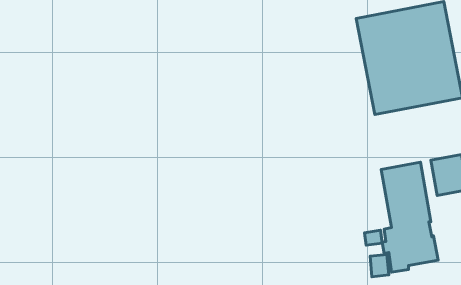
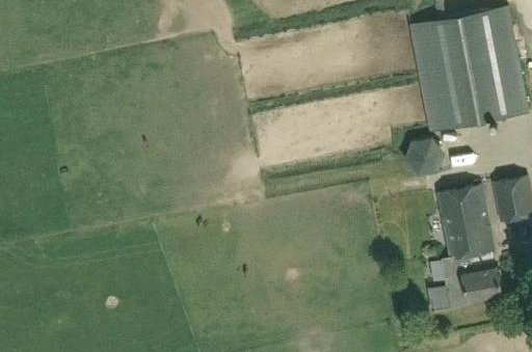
building: none -> [405,138,447,177]

